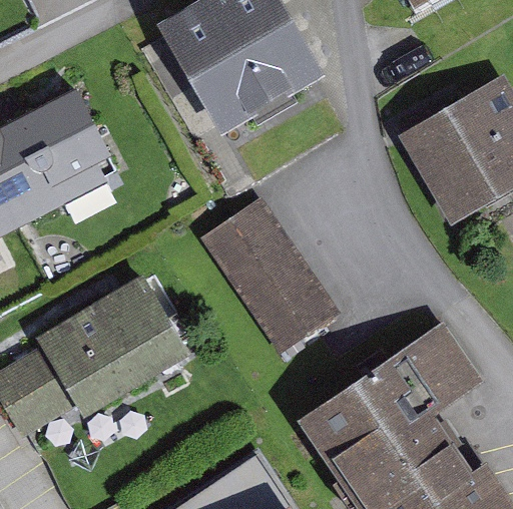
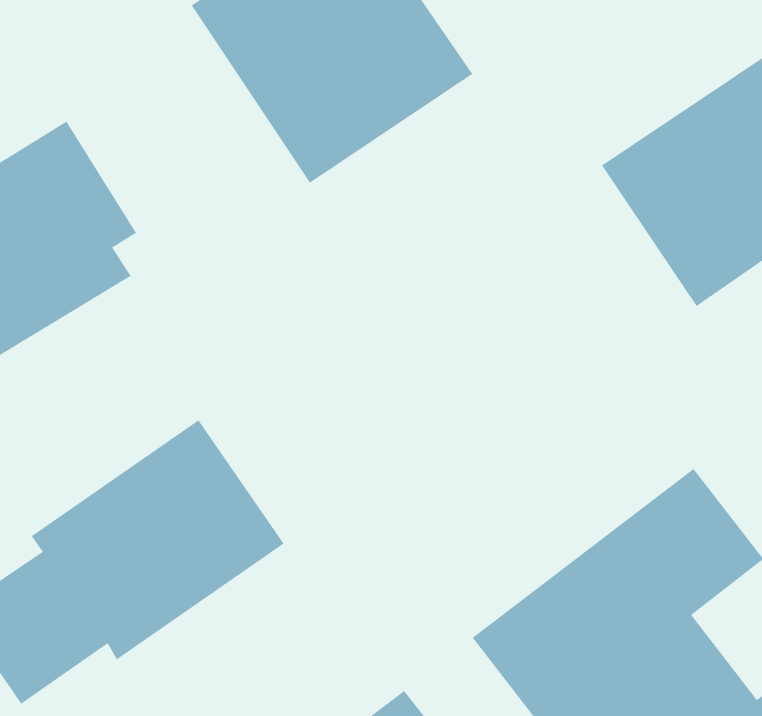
building: [200,198,342,357] -> none

